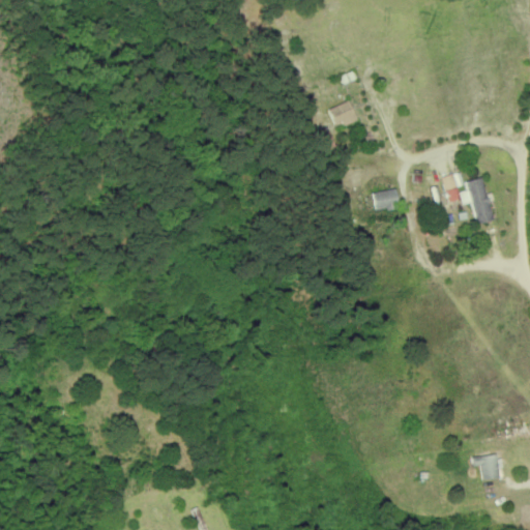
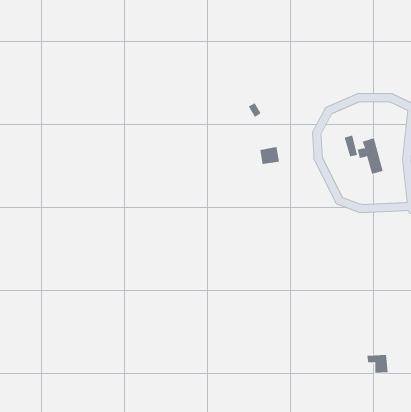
building: [329,100,358,127] -> none
building: [374,188,400,211] -> [259,147,280,164]

